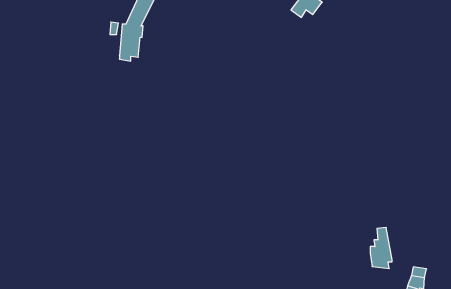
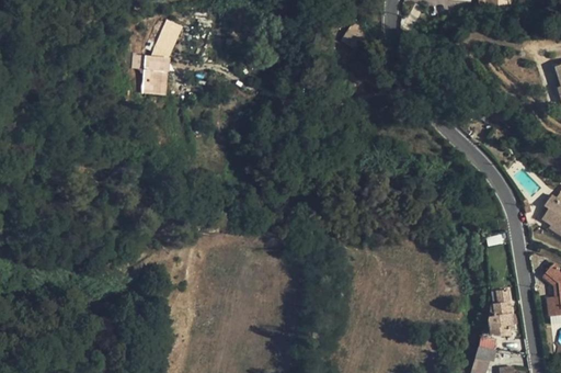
building: [370,228,392,268] -> [490,289,515,336]

